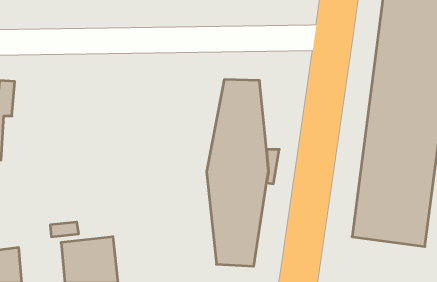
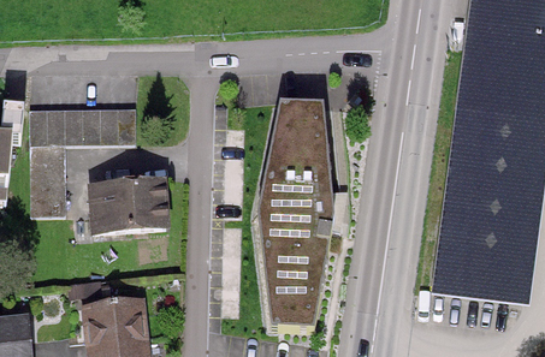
building: none -> [28,108,136,218]
building: none -> [85,177,170,236]

